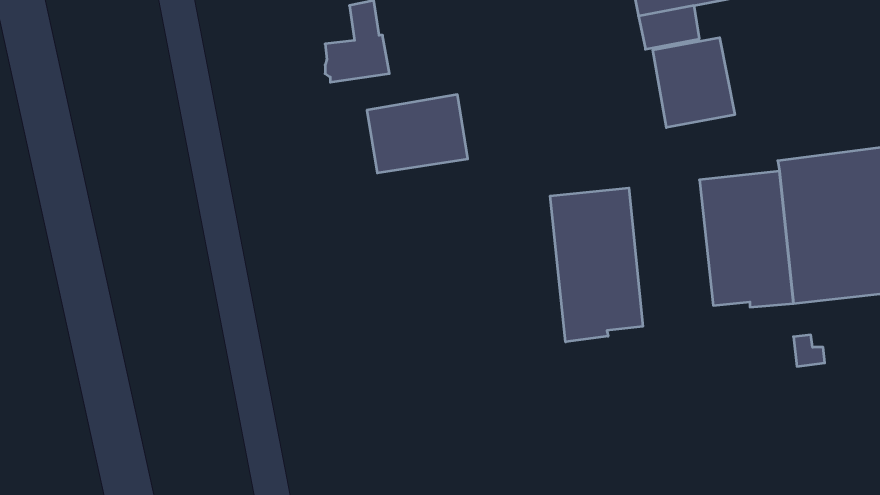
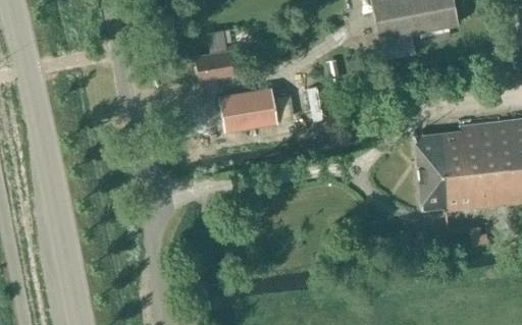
building: [653,38,735,128] -> none
building: [550,188,643,342] -> none

